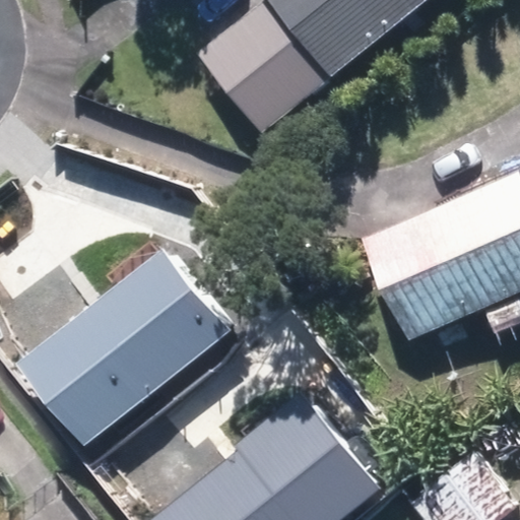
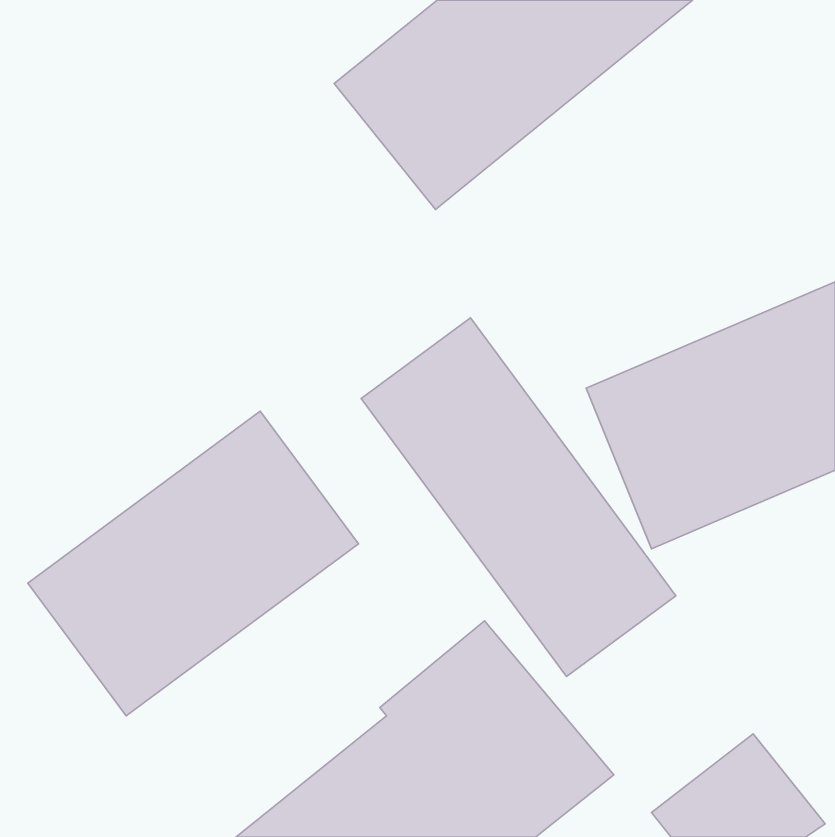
building: none -> [361,318,676,676]

